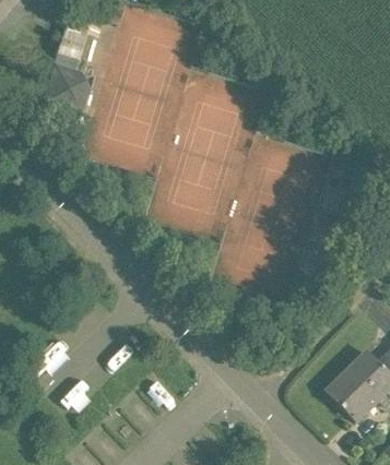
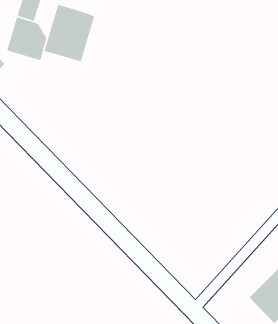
building: none -> [44,4,95,62]

